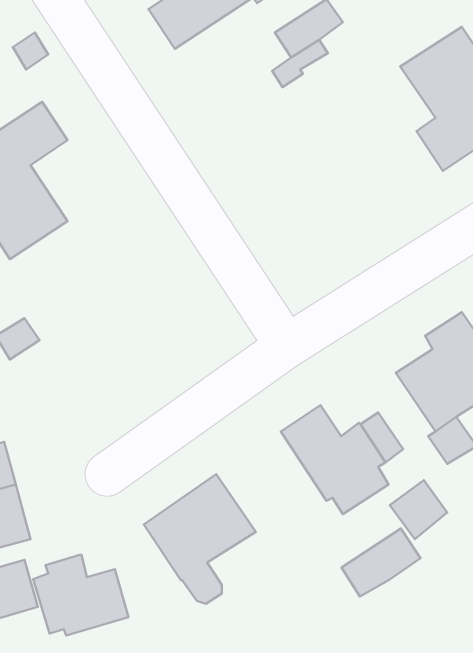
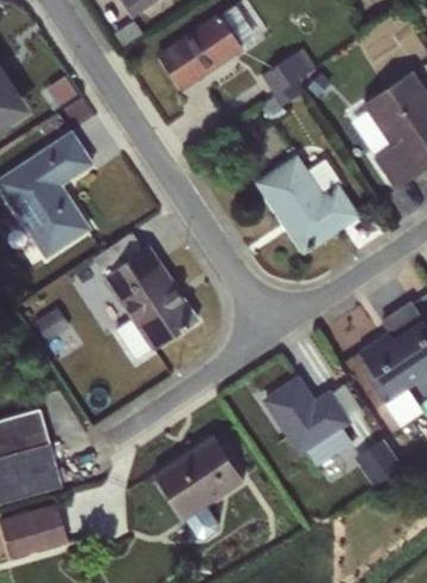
building: none -> [257,157,358,251]
building: none -> [93,234,197,361]
building: [341,529,421,597] -> none
building: [33,555,129,635] -> none

